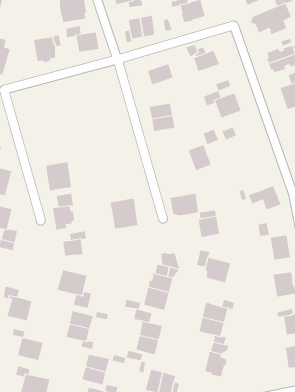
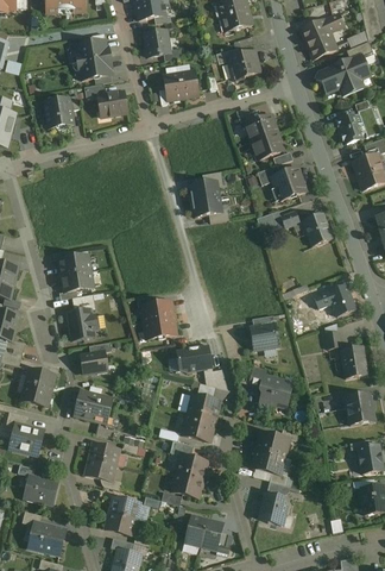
building: [147,63,174,85] -> [251,132,284,159]
building: [188,144,212,171] -> [302,213,332,246]
building: [170,193,199,216] -> [176,344,213,372]
building: none -> [21,368,55,406]

